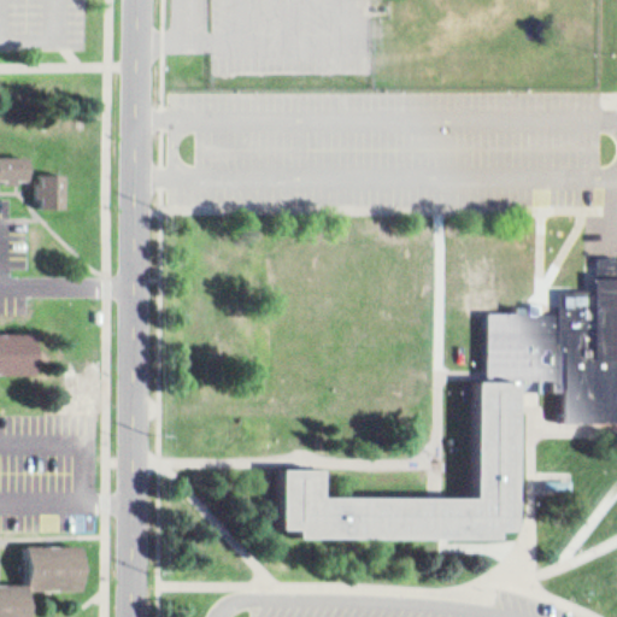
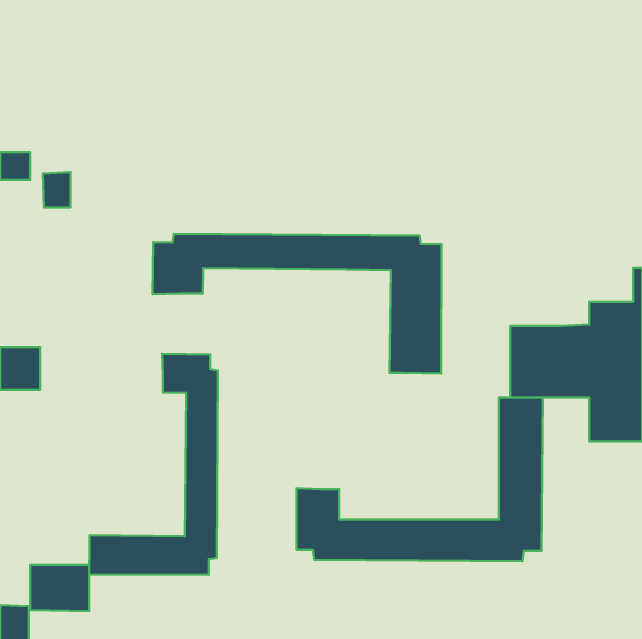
building: none -> [152,234,442,373]
building: none -> [89,354,218,575]

